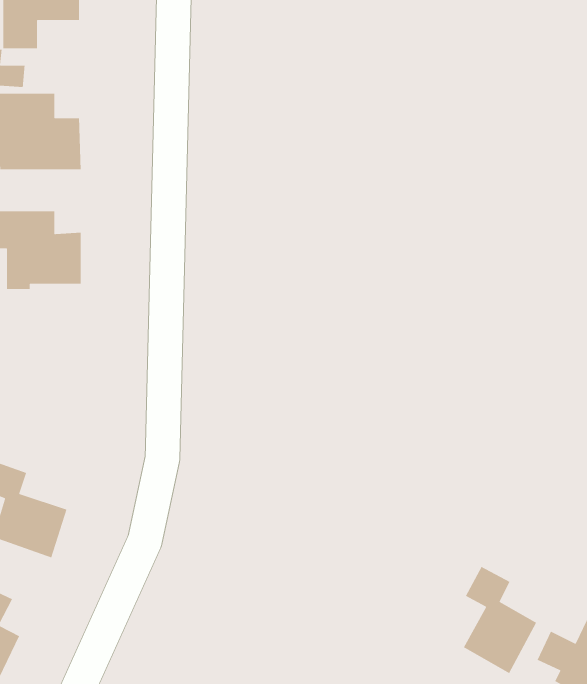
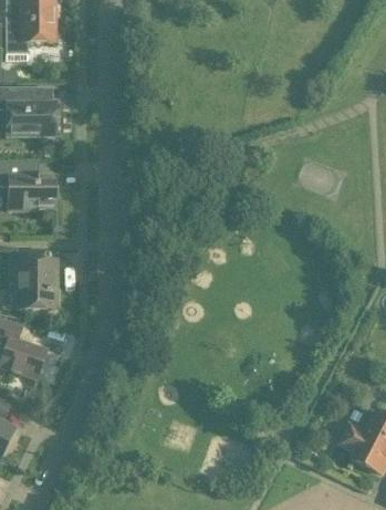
building: none -> [18,259,58,308]
building: [463,566,537,674] -> none

